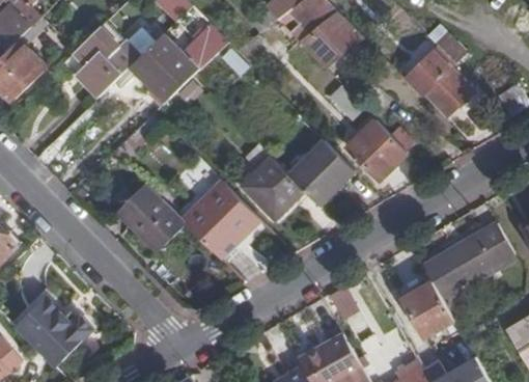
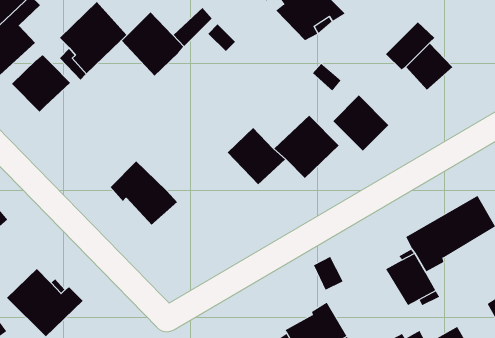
building: none -> [11,54,71,112]
building: [178,179,259,257] -> none

